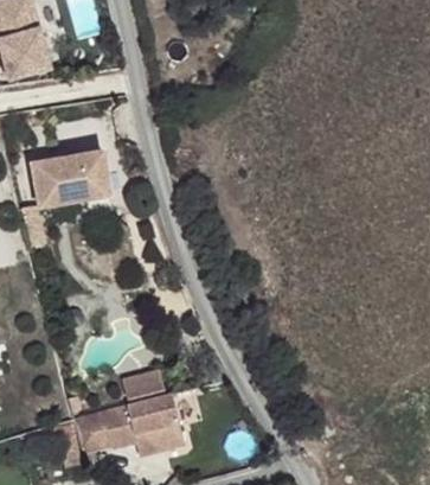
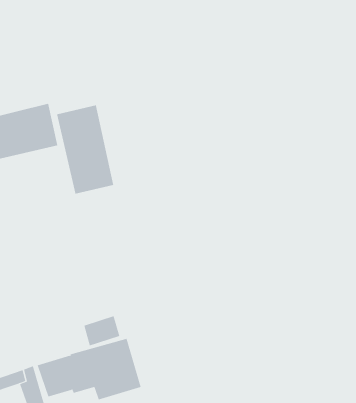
building: none -> [57,105,114,195]

